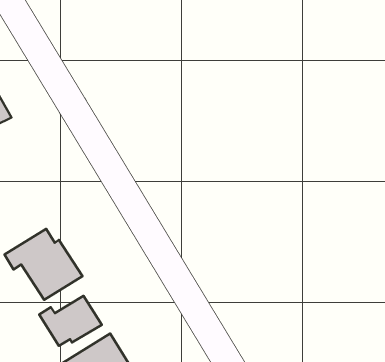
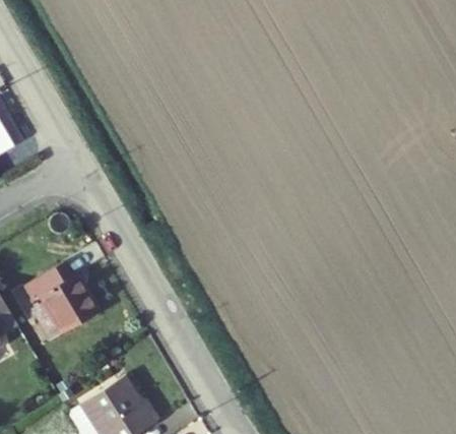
building: [39,296,102,346] -> none

